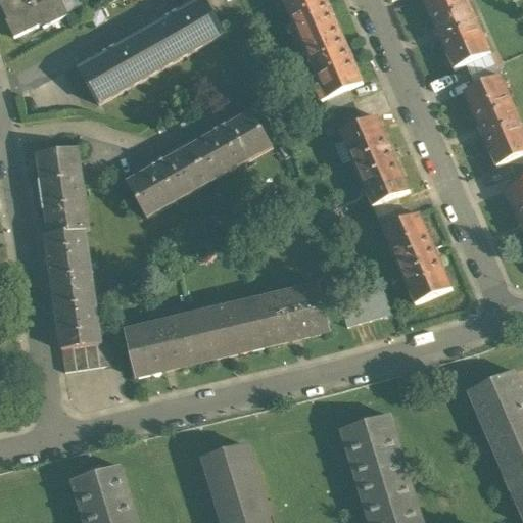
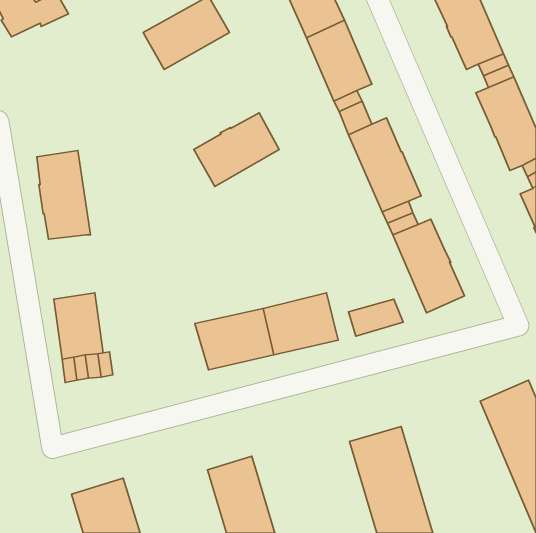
building: [77,32,159,103] -> none
building: [125,145,208,217] -> none
building: [43,228,92,290] -> none
building: [125,314,202,376] -> none

